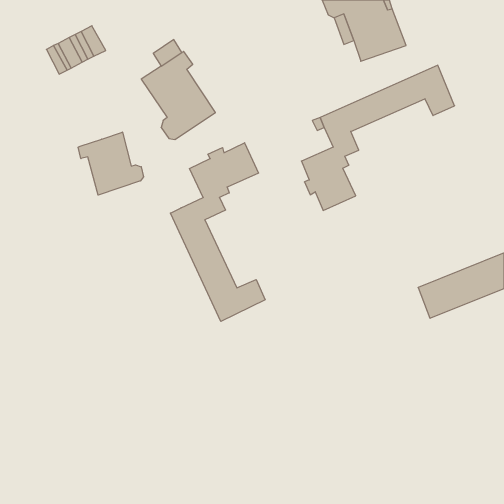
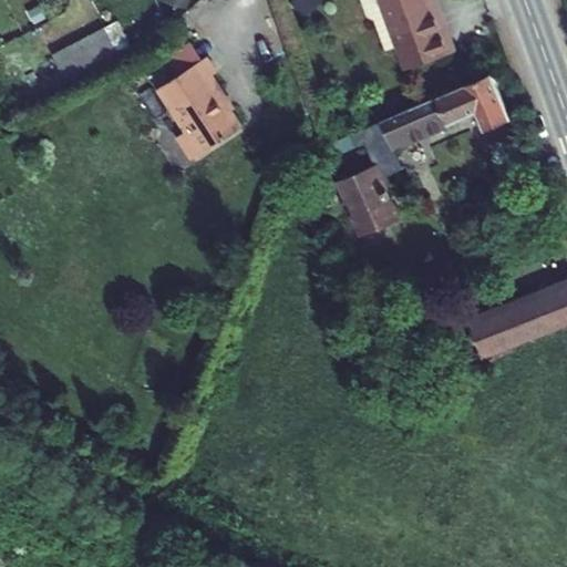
building: [78,132,143,195] -> none
building: [170,143,265,321] -> none

